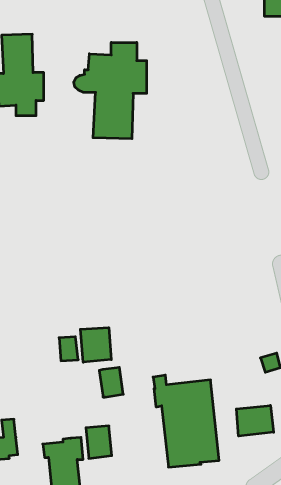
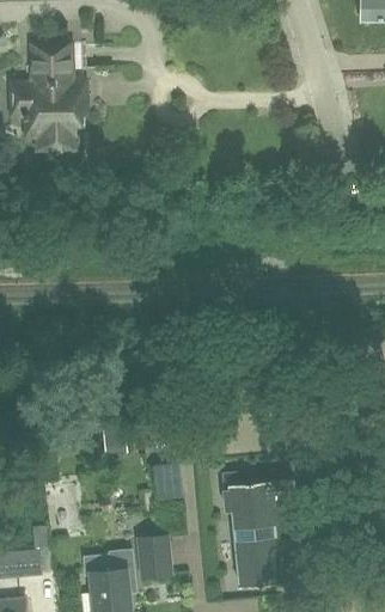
building: [74,42,147,139] -> none
building: [80,328,111,362] -> none
building: [236,405,274,436] -> none

